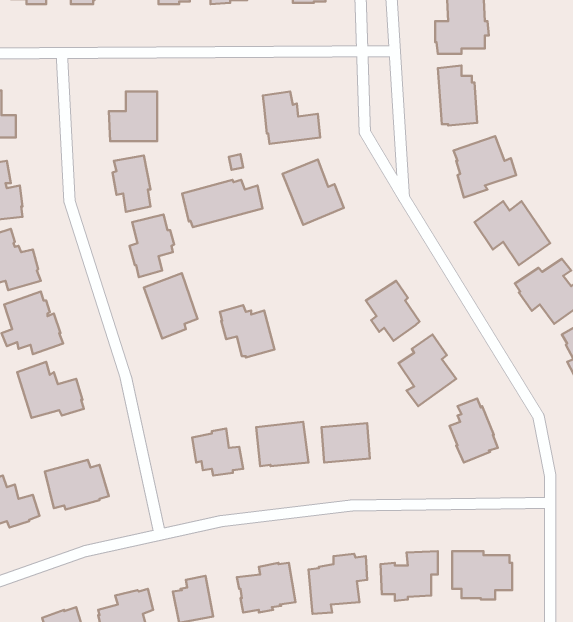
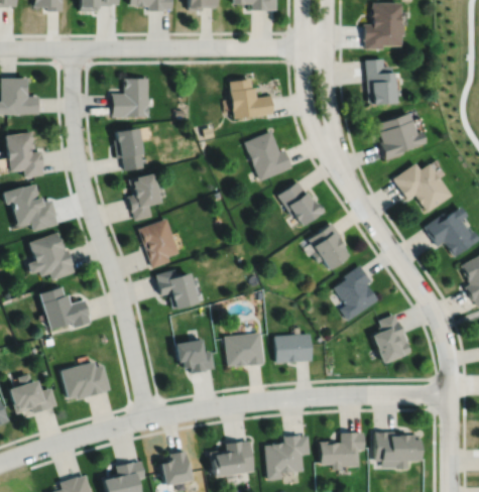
building: [182,180,263,227] -> none
building: none -> [277,180,324,226]
building: [220,305,275,357] -> [155,269,198,310]

